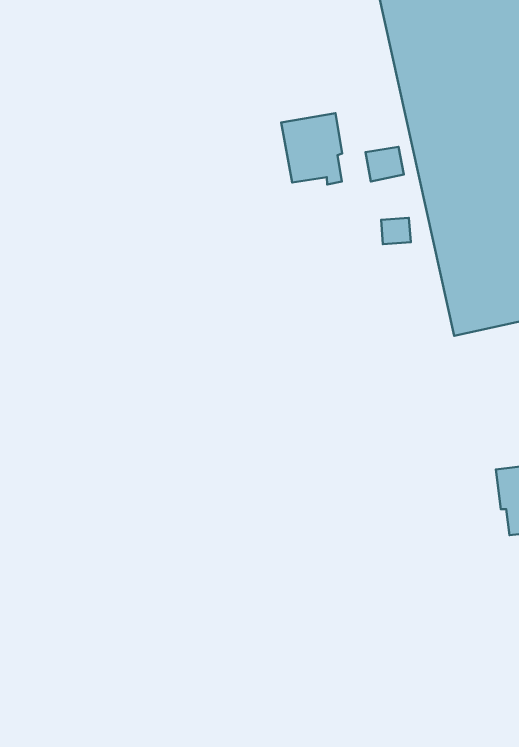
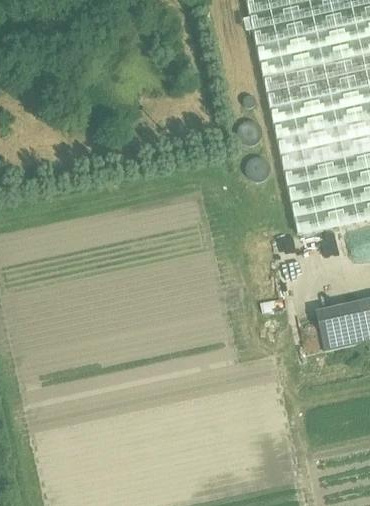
building: [281,113,342,184] -> none

